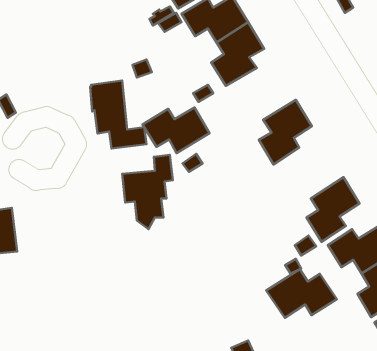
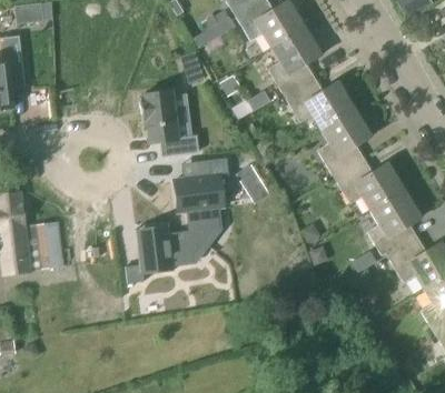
building: [143,108,209,153] -> [286,80,356,128]
building: none -> [336,161,406,210]
building: none -> [123,226,201,283]
building: [266,269,337,318] -> none

